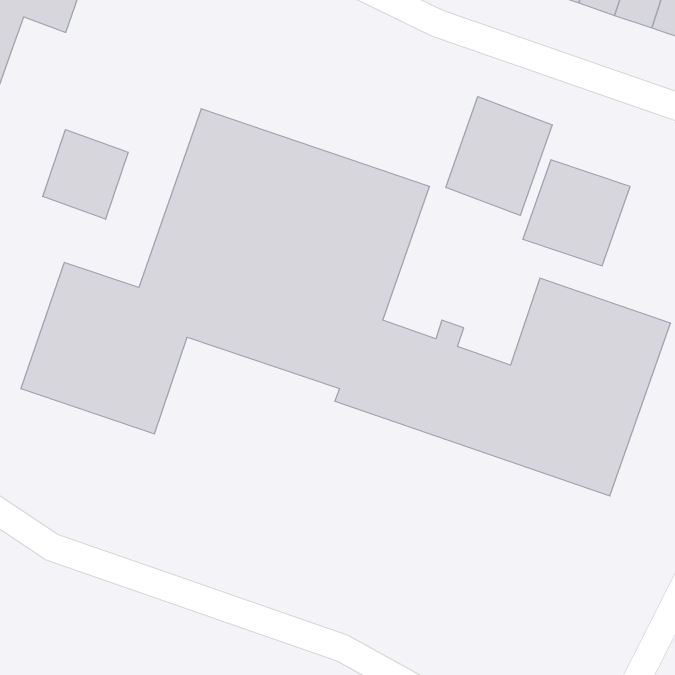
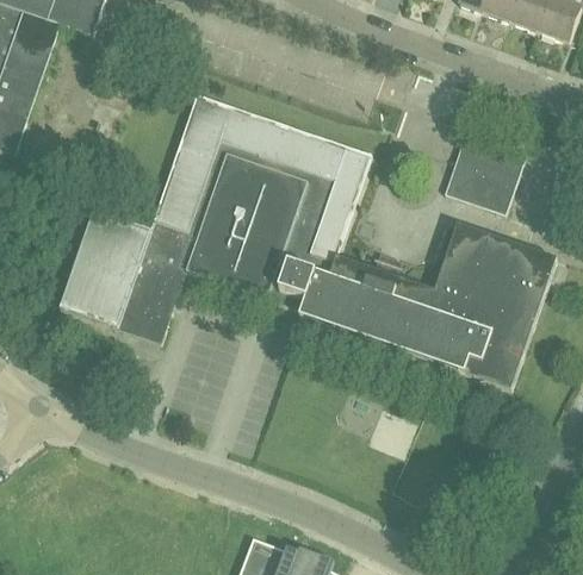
building: [446,97,552,215] -> none
building: [43,130,128,219] -> none

